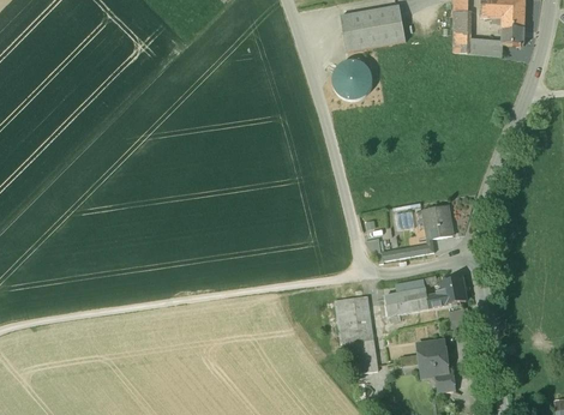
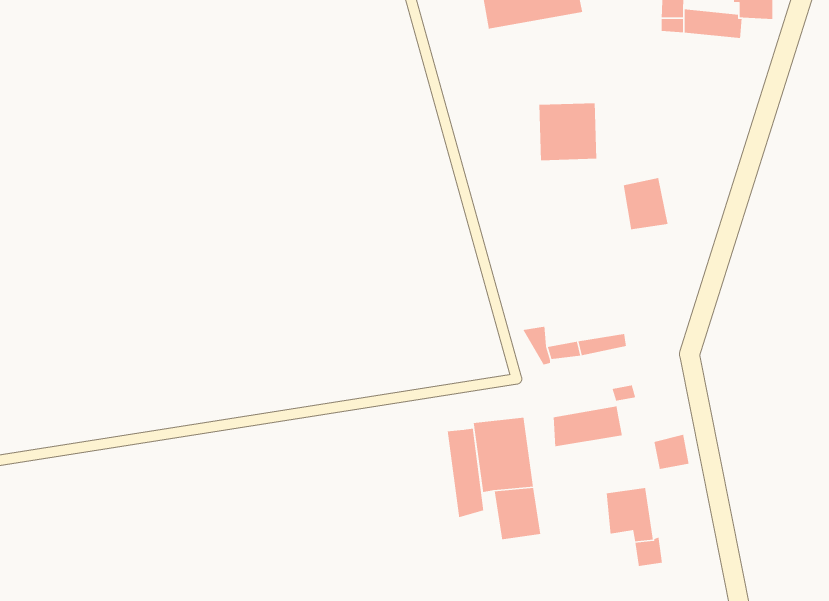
building: [329,59,366,96] -> [538,102,597,161]
building: [424,204,452,237] -> [623,177,668,230]
building: [426,276,466,307] -> none
building: none -> [447,428,484,518]

